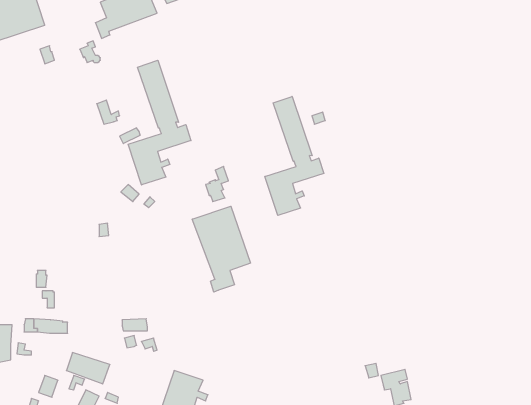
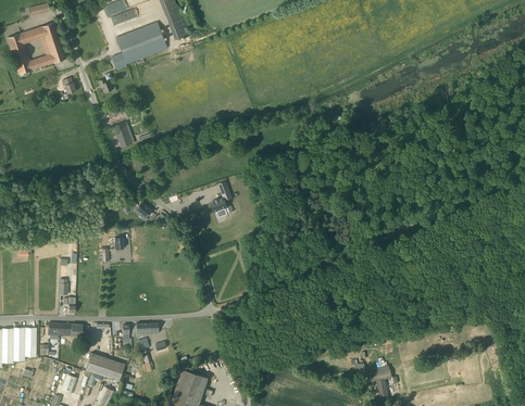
building: [128,60,191,185] -> none
building: [265,96,324,215] -> none
building: [192,206,250,292] -> none

